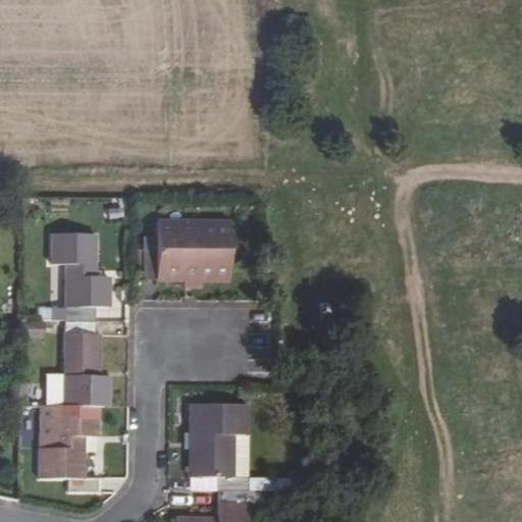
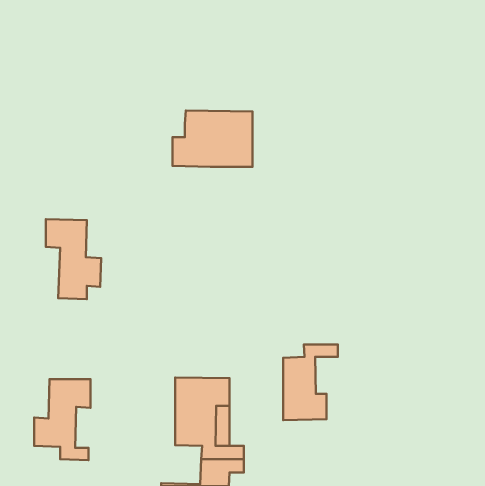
building: [143,220,228,280] -> [172,111,252,167]
building: [64,319,109,407] -> none
building: none -> [283,345,338,420]

